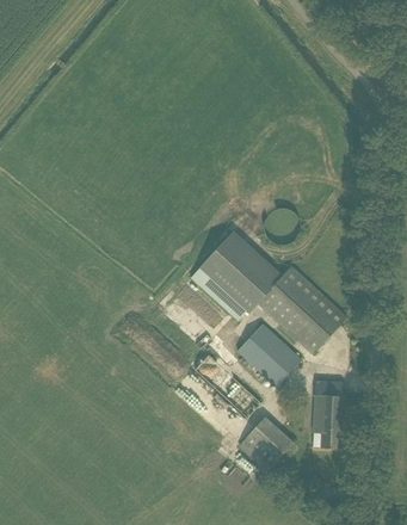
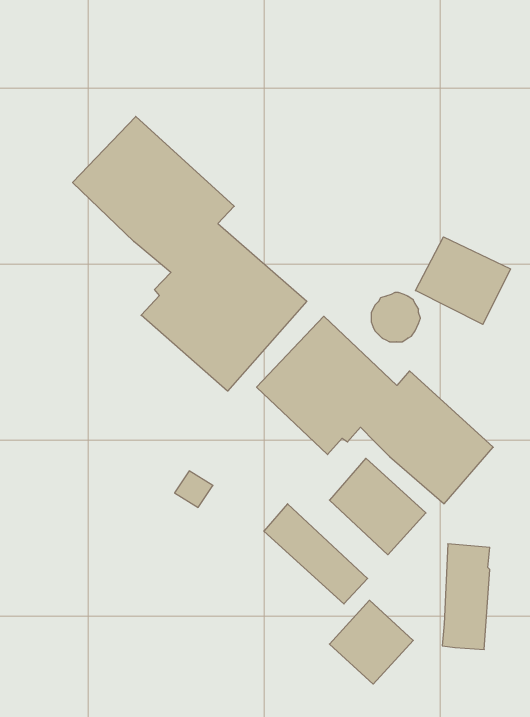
building: none -> [73,116,307,391]
building: none -> [415,237,511,324]

